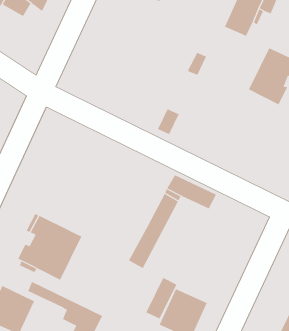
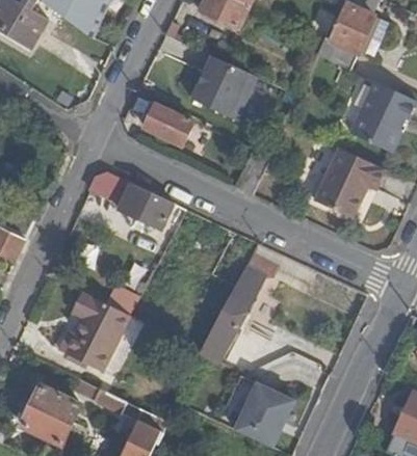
building: none -> [190,55,256,119]
building: none -> [144,103,193,145]
building: none -> [314,150,383,219]
building: none -> [88,172,173,229]

